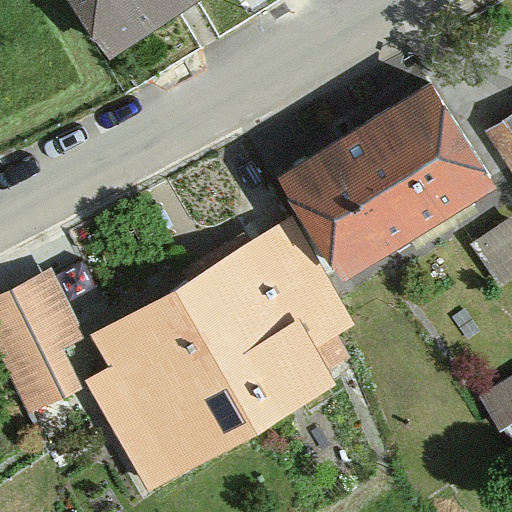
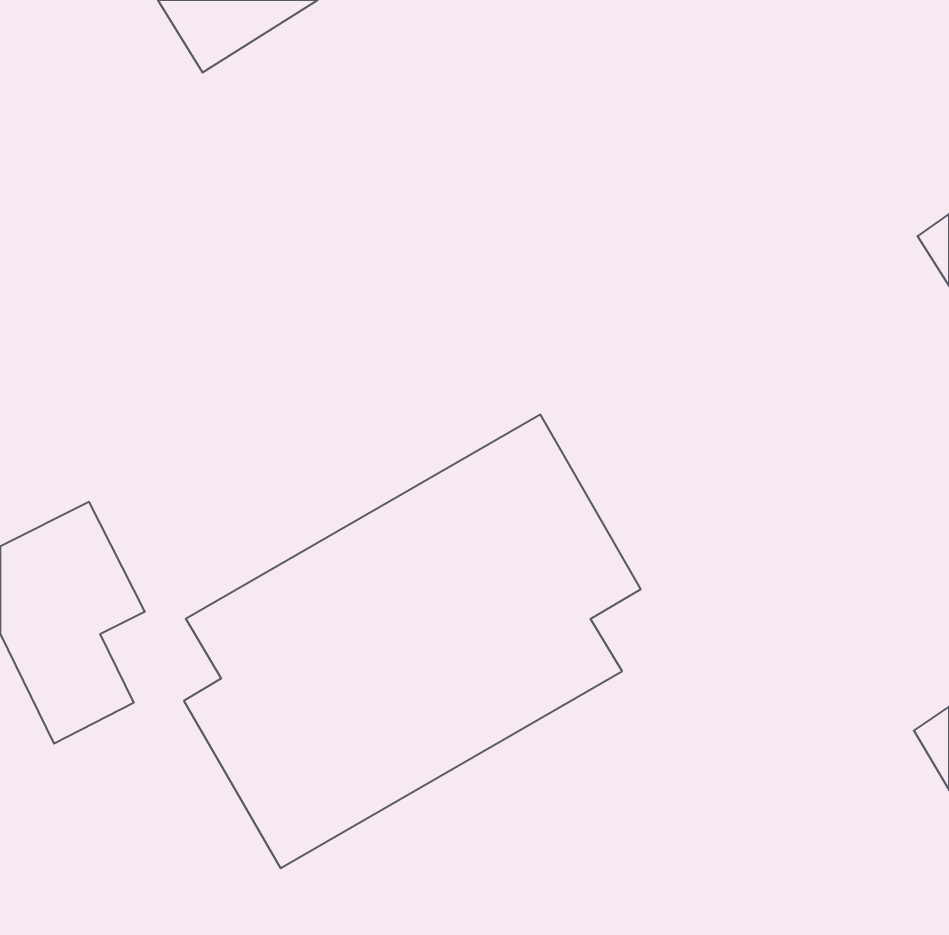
building: [290,90,486,267] -> none

